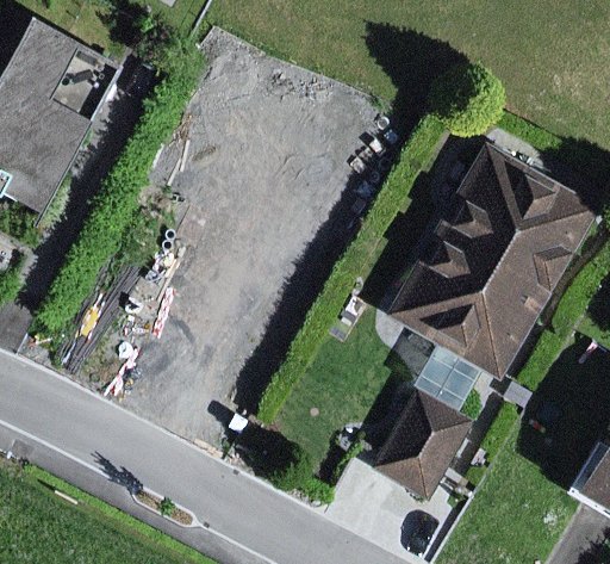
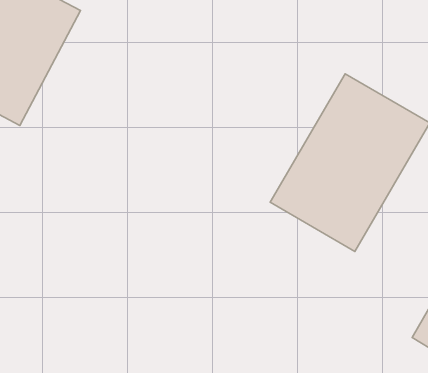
building: [367,390,472,507] -> none

